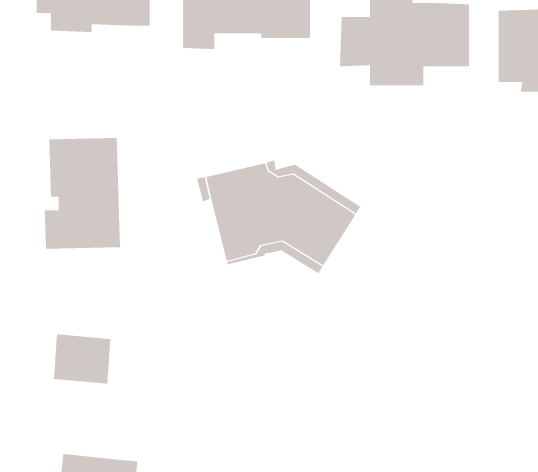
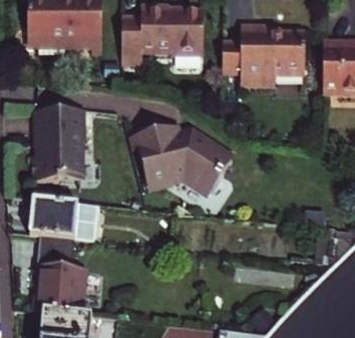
building: none -> [30,203,98,245]
building: none -> [36,269,85,320]

